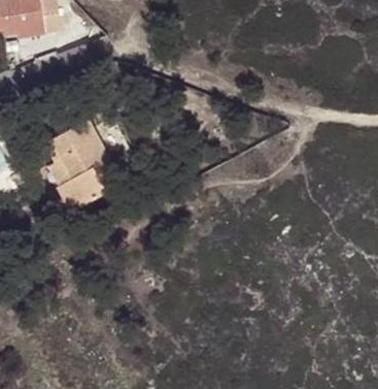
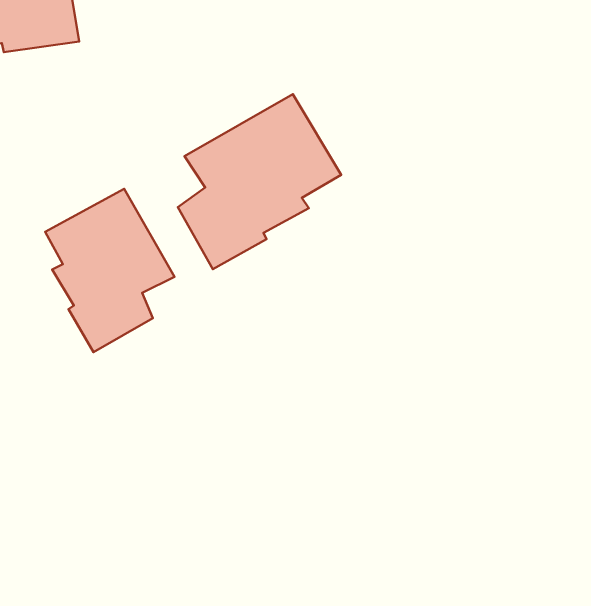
building: none -> [178,94,341,269]

